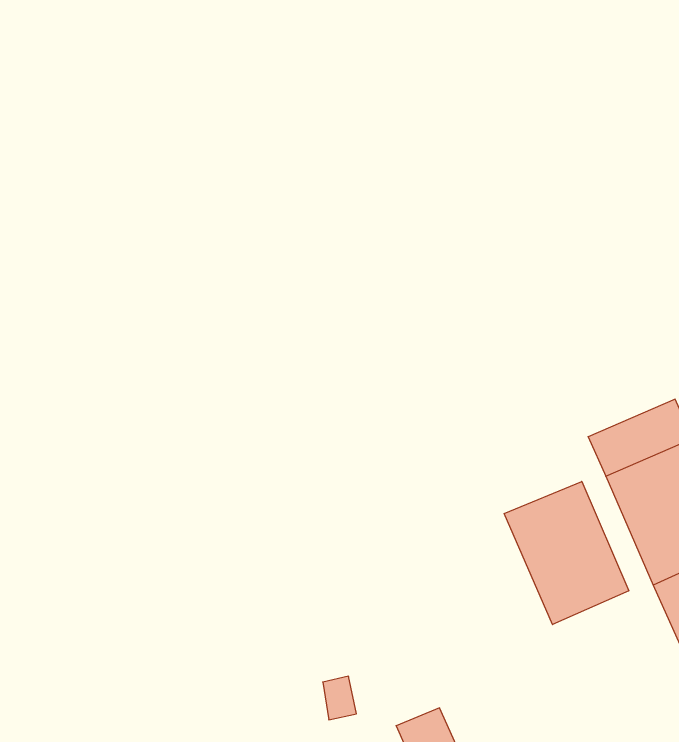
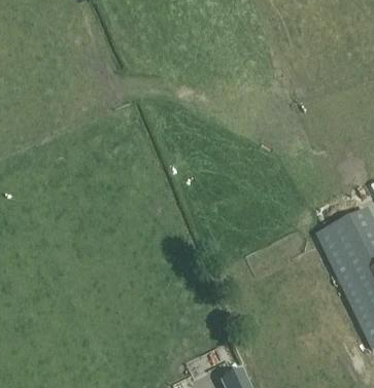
building: [504,481,629,625] -> none

